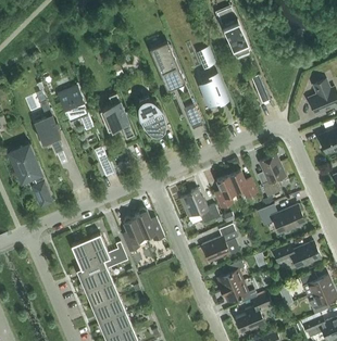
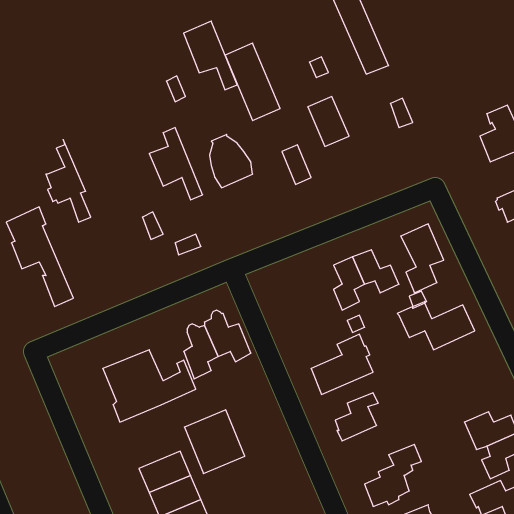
building: [59,86,92,129] -> [184,21,237,90]
building: [179,188,220,223] -> none
building: [272,241,320,267] -> none
building: [80,267,118,307] -> [184,410,245,474]
building: [221,280,255,303] -> none

